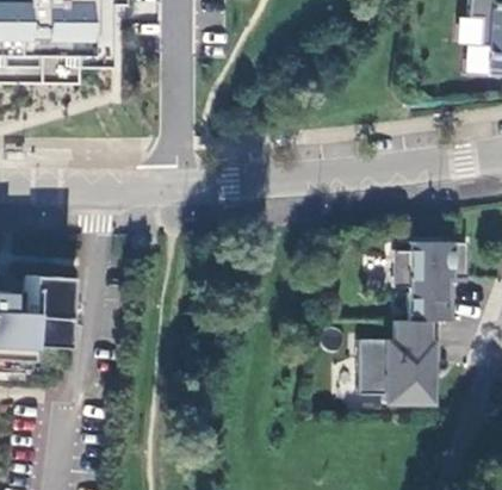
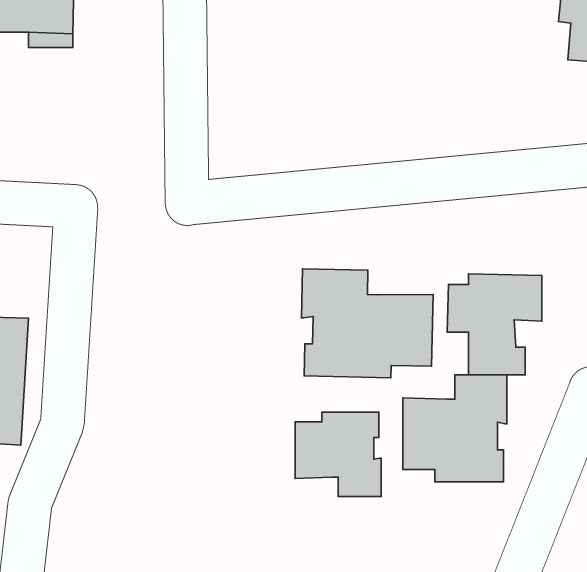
building: none -> [301,269,433,378]
building: none -> [295,412,381,497]

